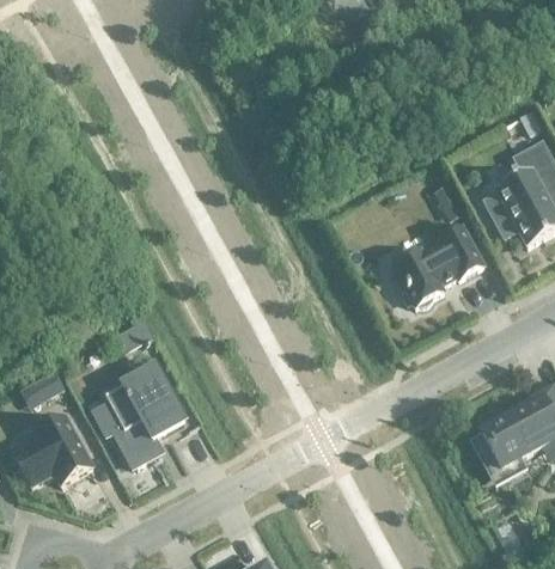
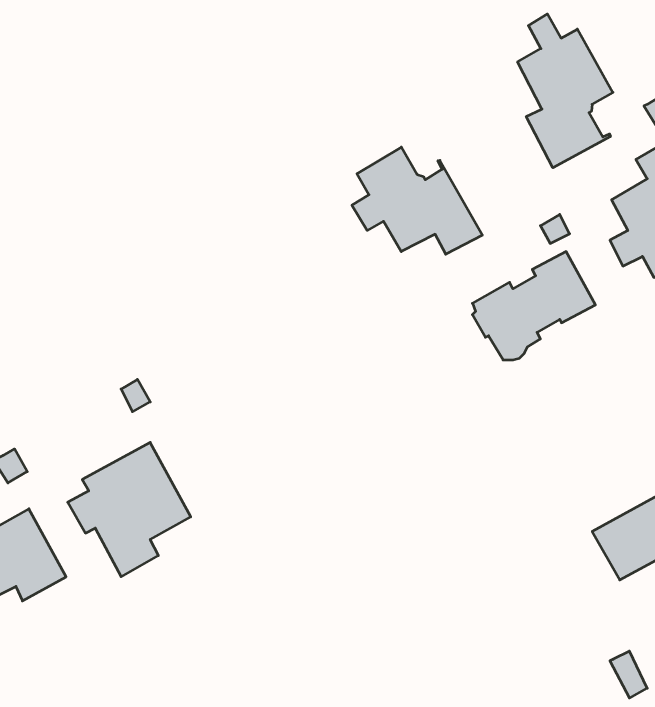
building: none -> [518,14,613,168]
building: none -> [352,147,482,254]

